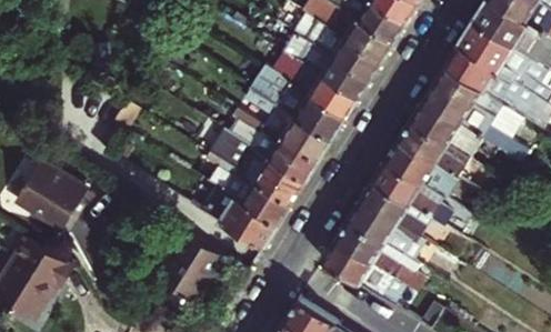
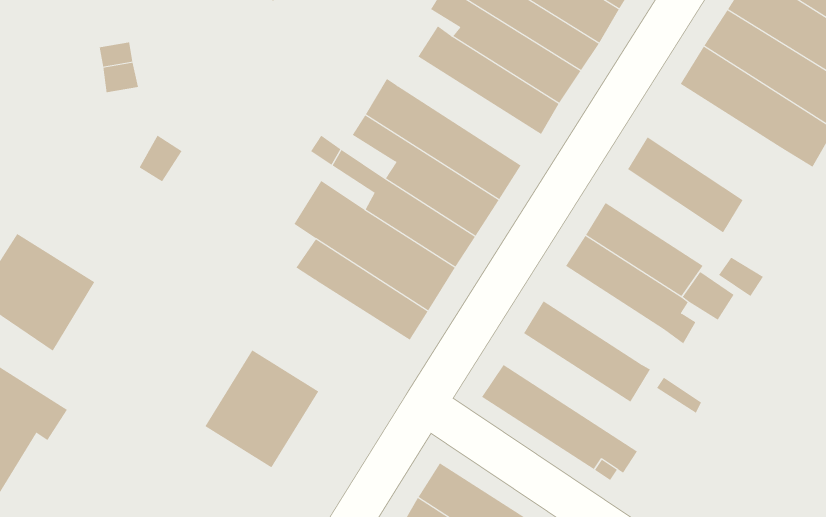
building: [271,50,359,117] -> none
building: [423,67,525,161] -> none
building: [398,119,470,178] -> none
building: [360,178,433,238] -> none
building: [202,187,279,247] -> none
building: [335,219,425,291] -> none

